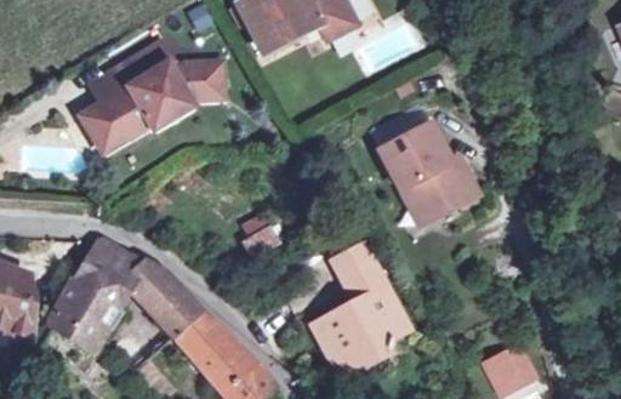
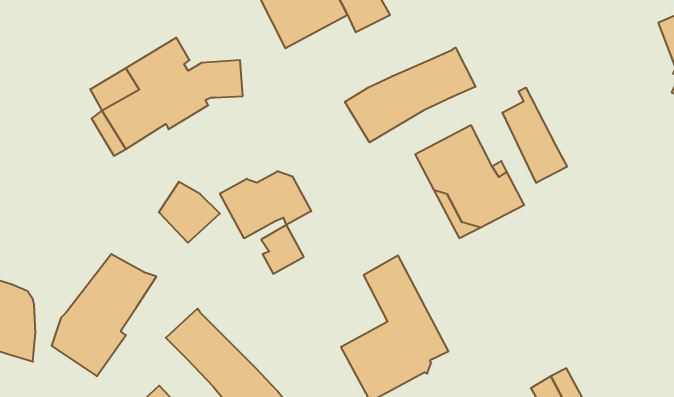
building: none -> [345,48,475,142]
building: none -> [502,88,567,183]
building: none -> [220,171,311,238]
building: [125,260,181,315] -> [159,182,220,243]

